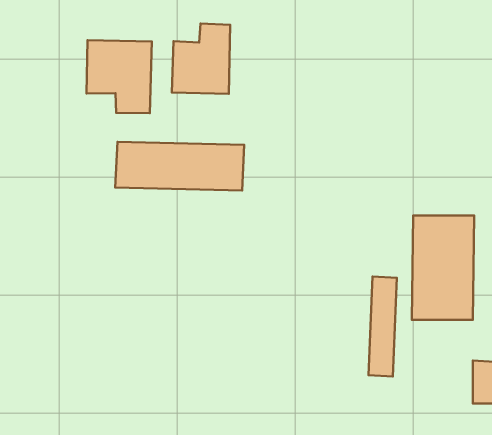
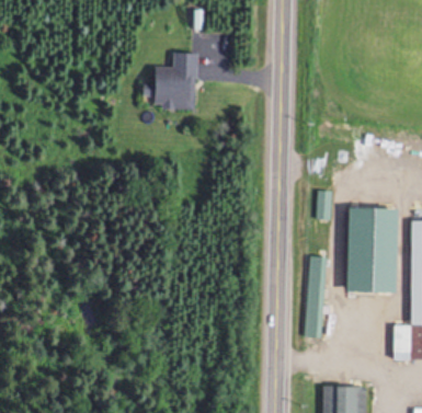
building: [86,40,152,113] -> none
building: [115,142,244,190] -> none

